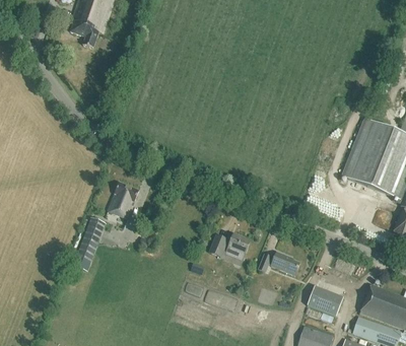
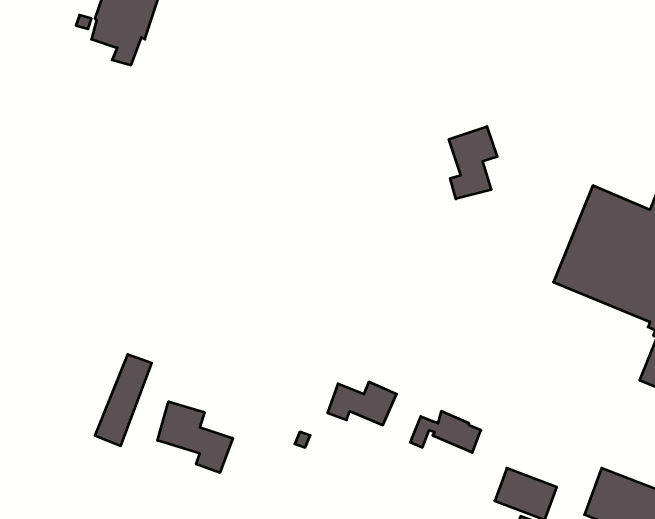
building: none -> [449,126,497,199]
building: [108,184,137,218] -> none
building: none -> [158,402,233,473]

